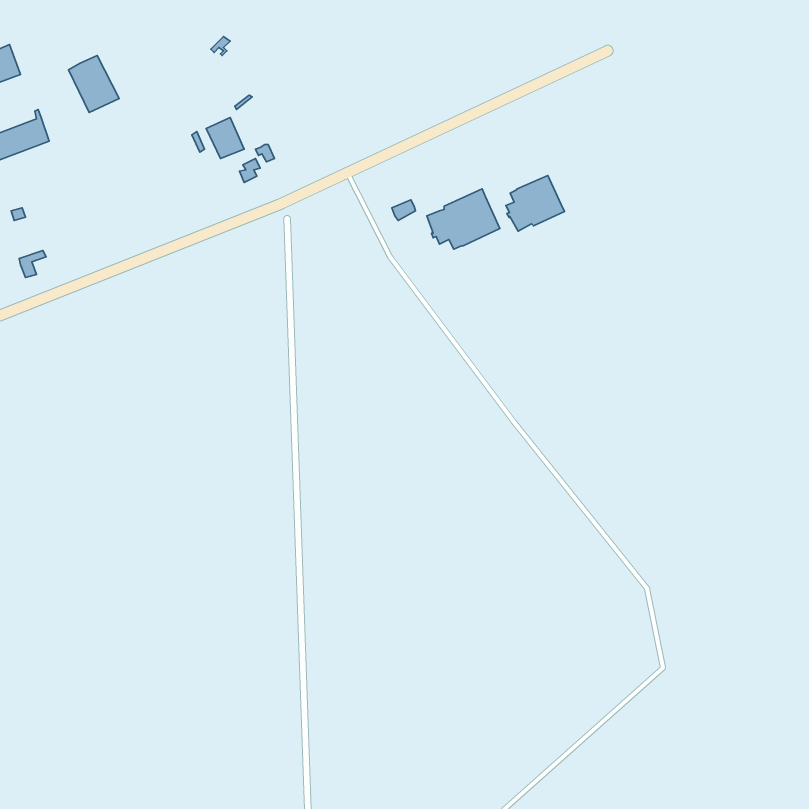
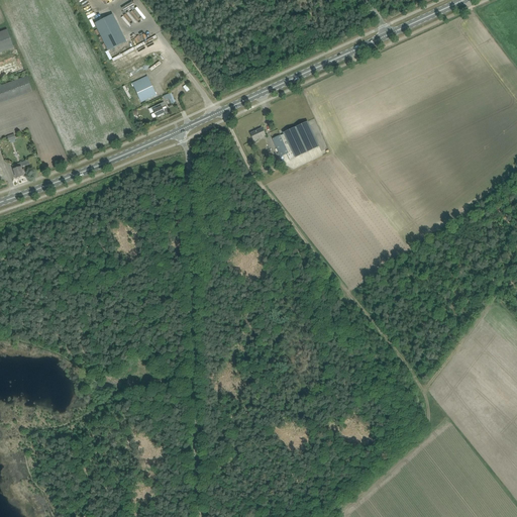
building: [68,56,119,113] -> [94,13,126,49]
building: [506,176,565,231] -> none

